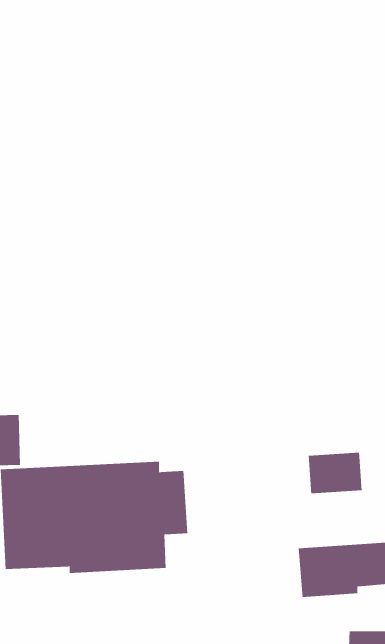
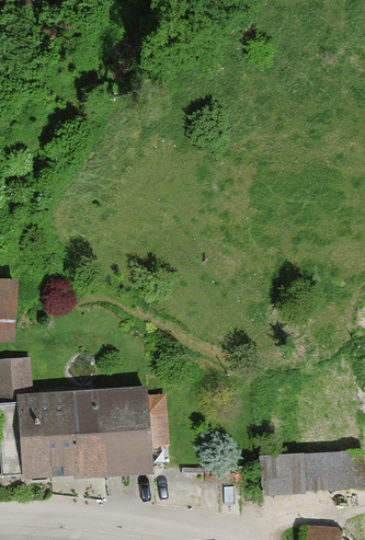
building: [308,452,362,494] -> none

